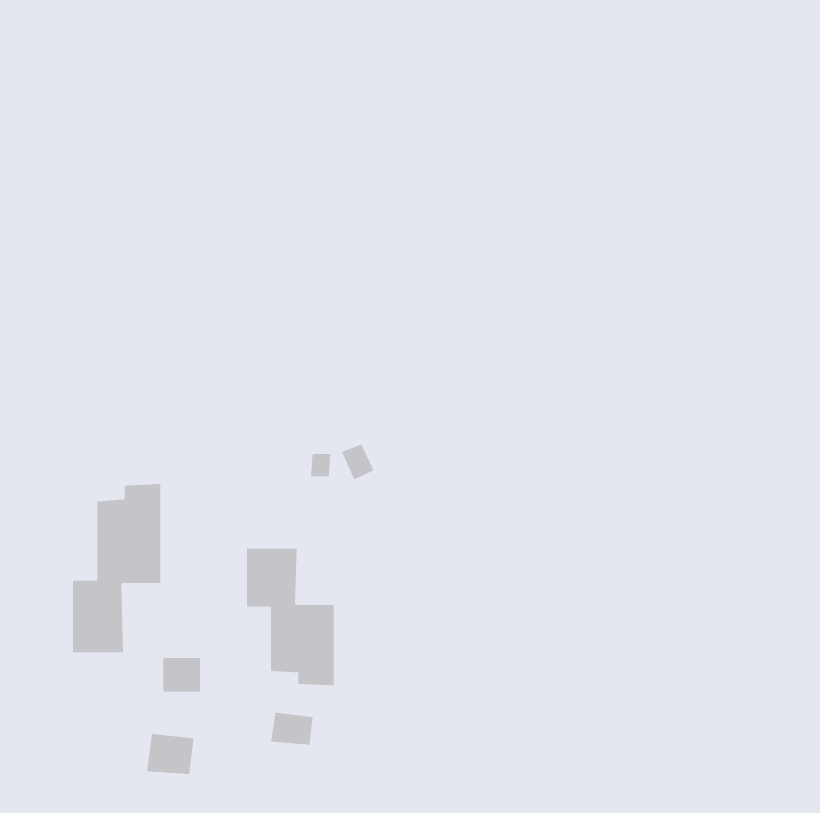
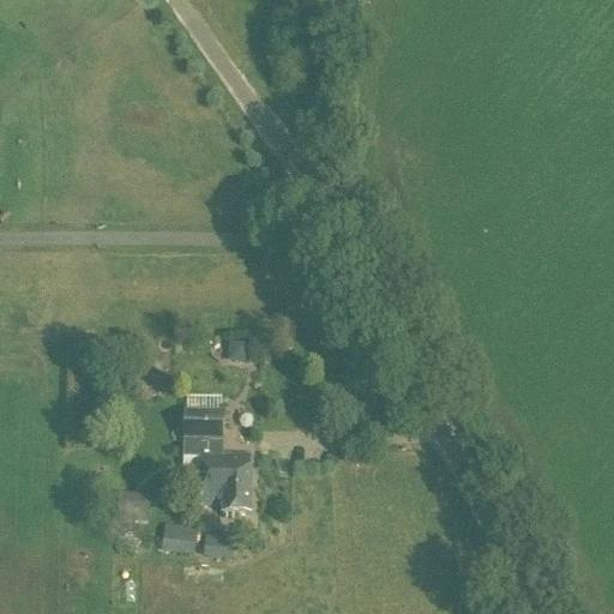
building: [72,483,161,653] -> none
building: [146,733,195,775] -> [161,520,197,552]

